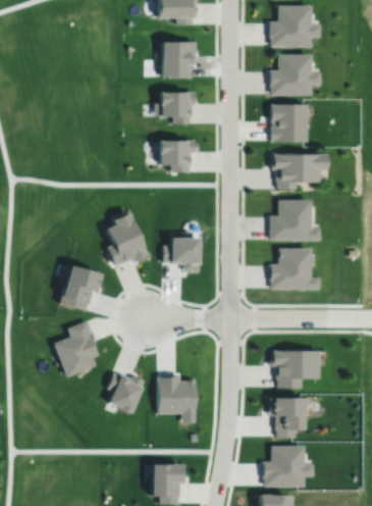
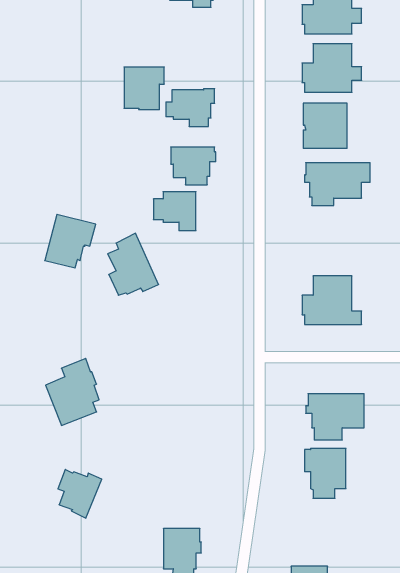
building: [163,42,197,78] -> [124,67,164,110]
building: [269,200,319,242] -> none
building: [163,240,199,272] -> [153,192,196,231]
building: [60,266,103,311] -> [45,214,96,268]
building: [108,370,145,411] -> [58,469,102,518]
building: [159,372,197,421] -> none
building: [263,444,315,486] -> none

